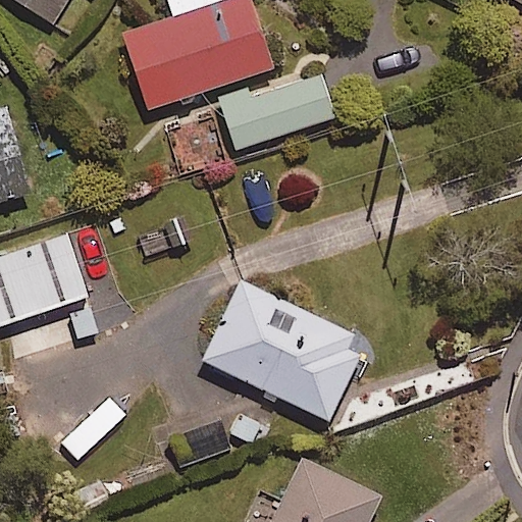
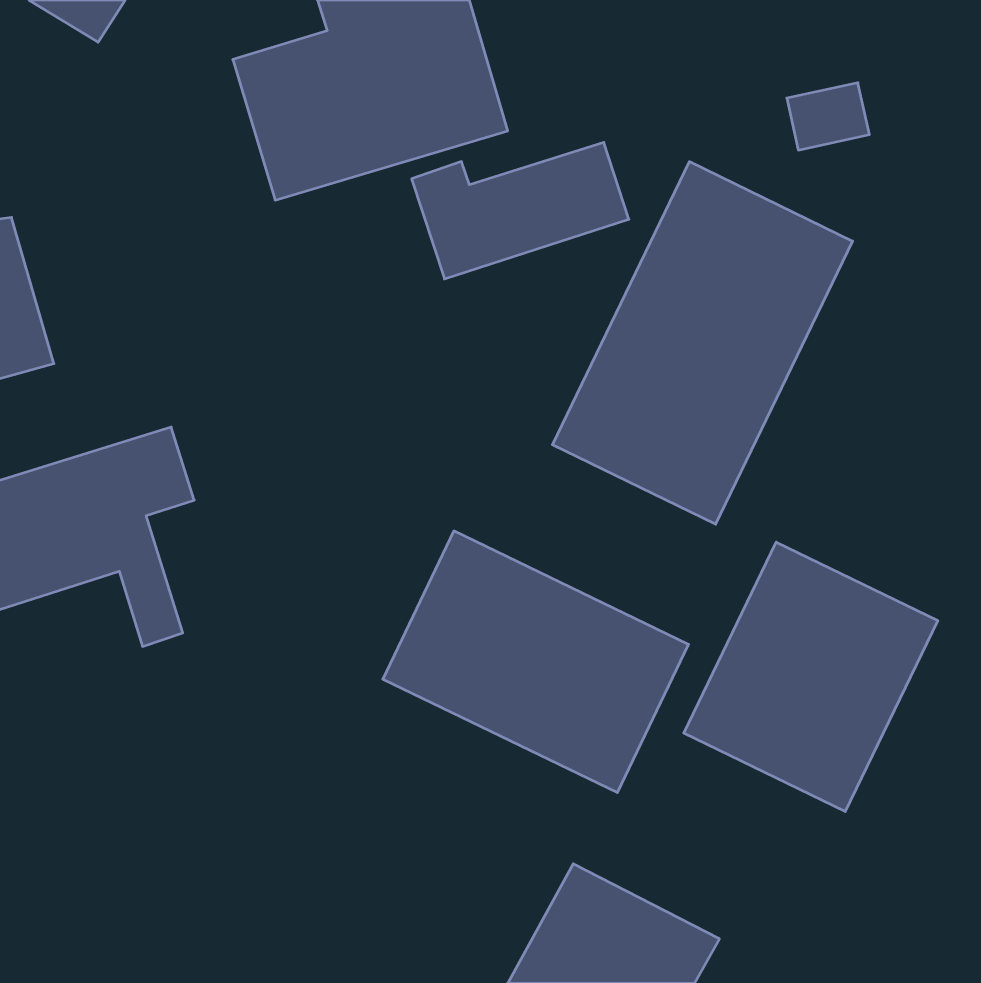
building: none -> [552,162,853,524]
building: none -> [684,542,938,812]

